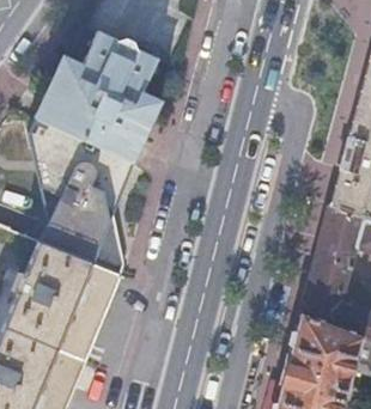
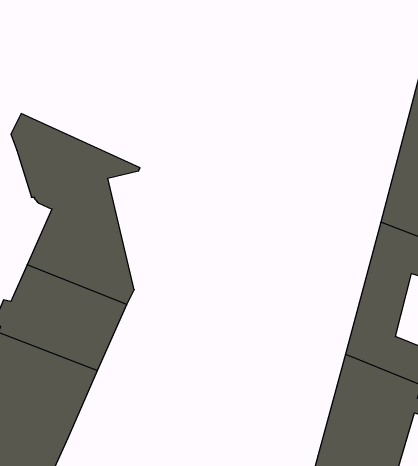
building: [37,29,162,160] -> none

